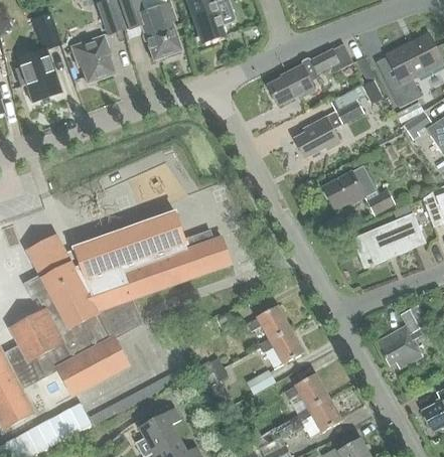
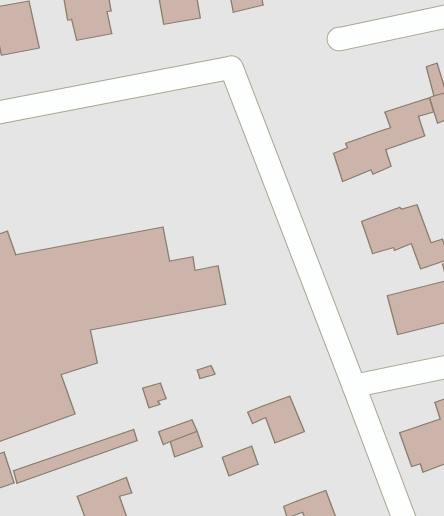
building: [266,43,352,105] -> none
building: [248,303,290,337] -> none
building: [286,371,328,405] -> none

